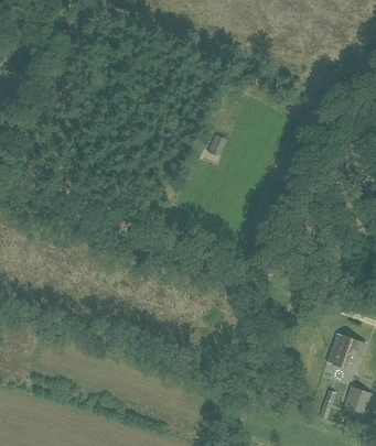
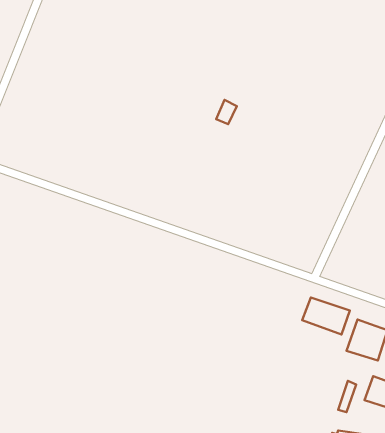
building: none -> [302,297,350,335]

